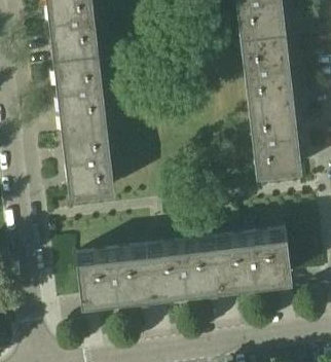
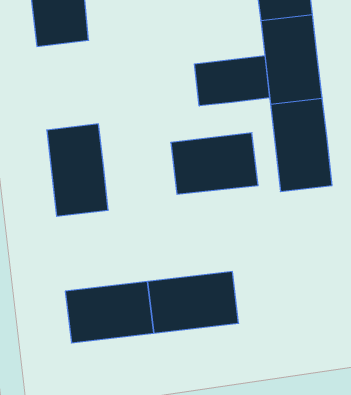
building: [54,48,106,123] -> none
building: none -> [195,56,270,106]
building: [218,233,291,285] -> [171,133,258,194]

